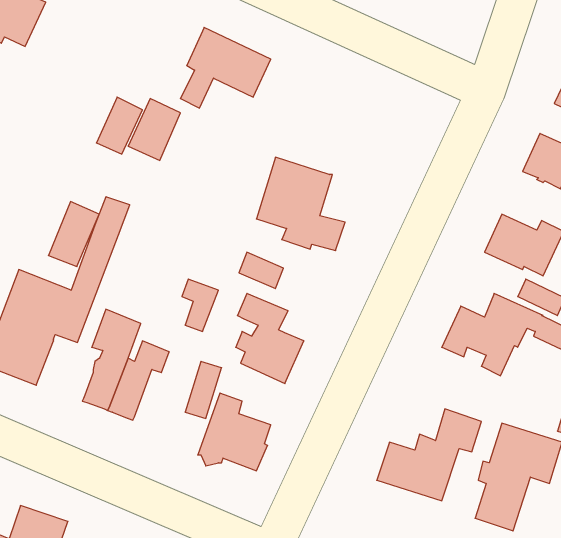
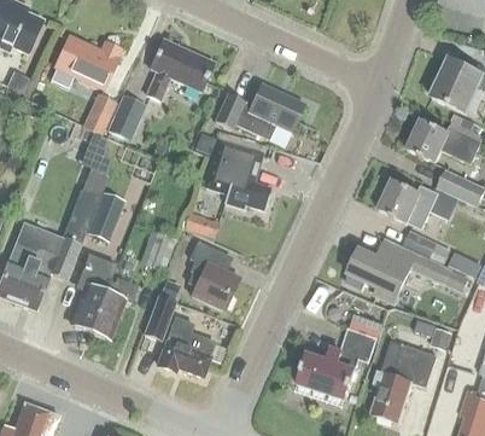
building: none -> [55,35,119,88]
building: none -> [215,82,303,138]
building: [48,202,99,267] -> [86,190,124,239]

